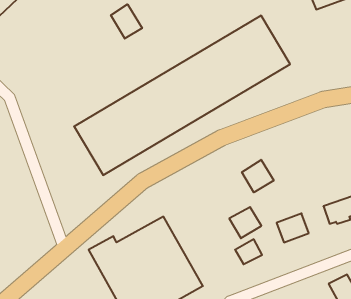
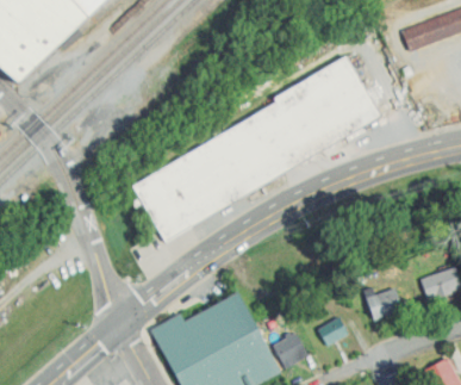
building: [111,4,142,39] -> none
building: [242,160,274,192] -> none
building: [229,207,261,238] -> [270,333,307,368]

